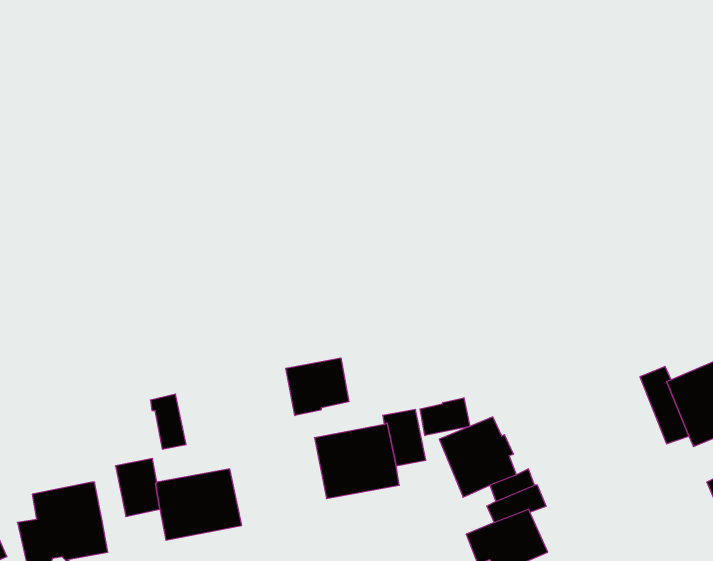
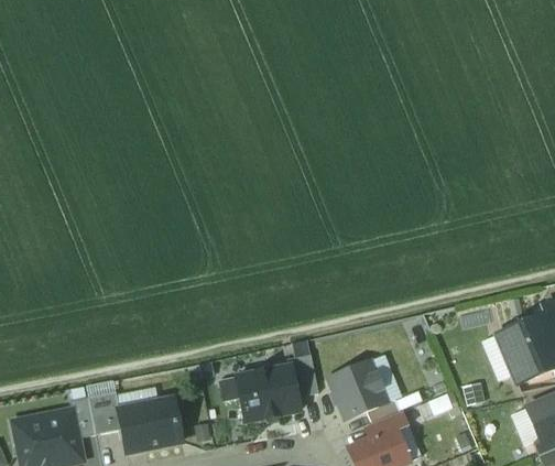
building: [286,358,349,416] -> none
building: [150,394,186,449] -> [70,395,97,436]
building: [420,398,470,436] -> none

